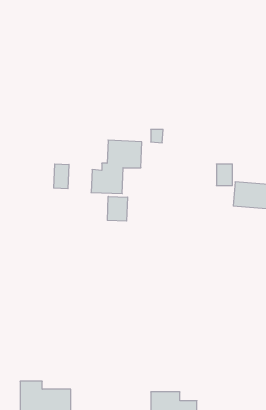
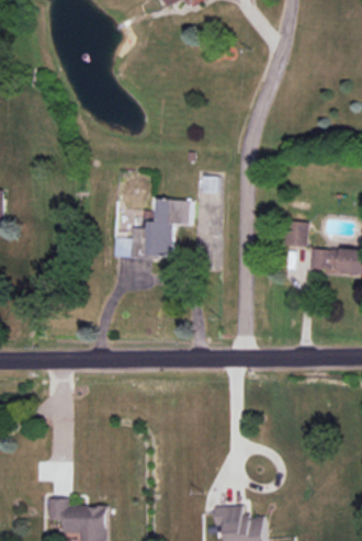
building: [54,164,69,189] -> none
building: [107,196,128,221] -> none

